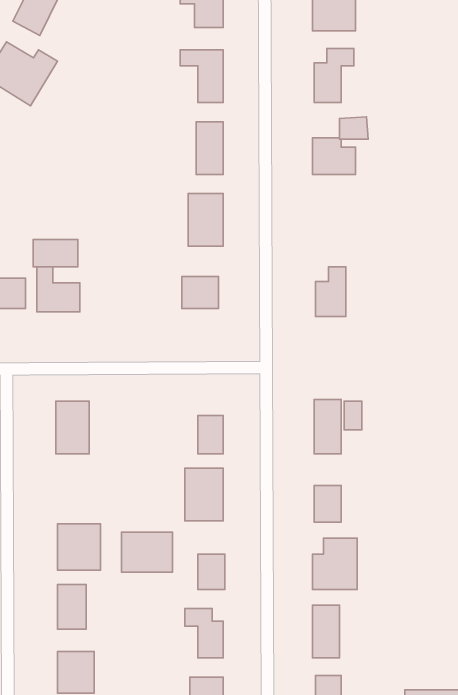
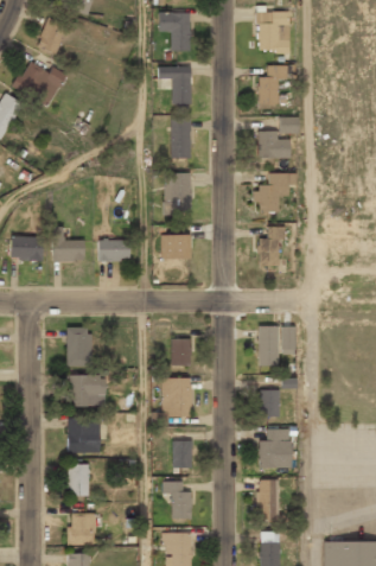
building: none -> [255,172,292,211]
building: [33,240,78,267] -> [97,240,130,260]
building: [121,532,172,572] -> [68,375,106,405]

